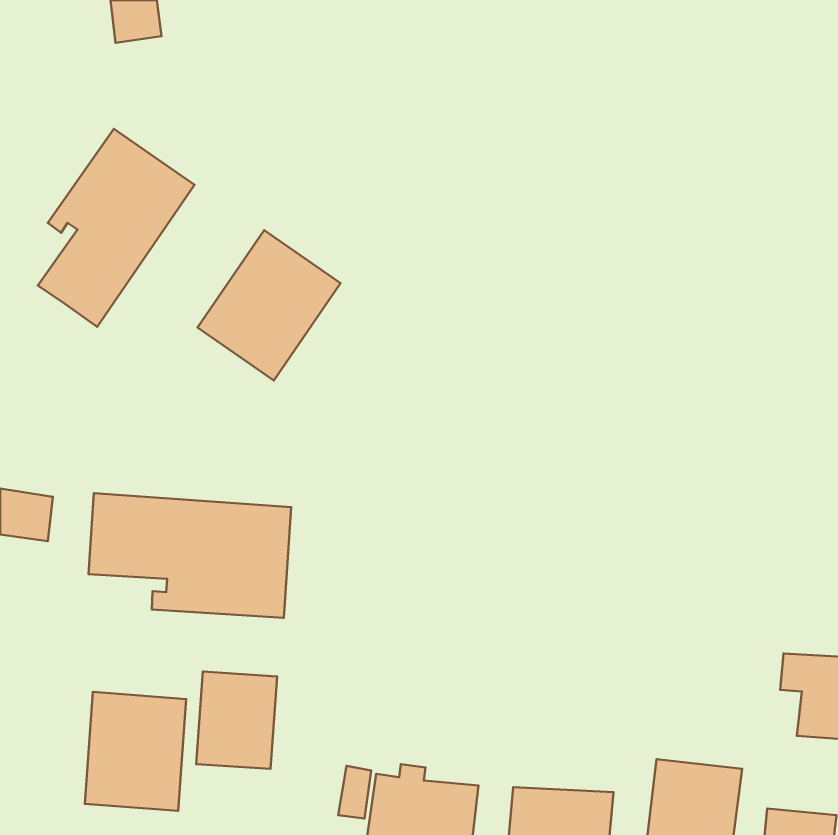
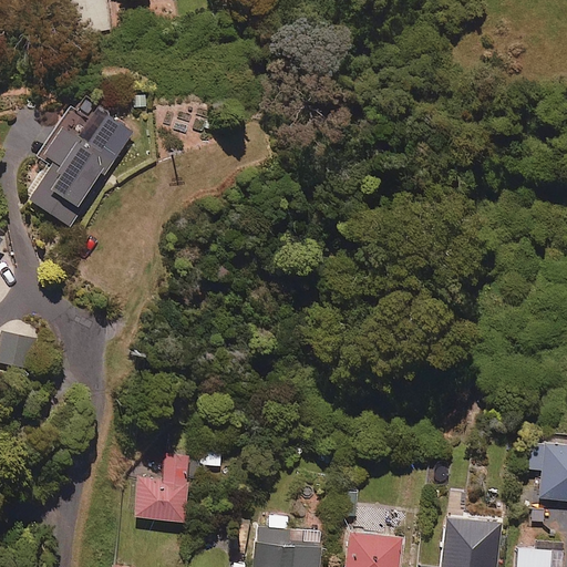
building: [197,230,340,380] -> none
building: [88,493,291,618] -> none
building: [85,692,186,811] -> none

